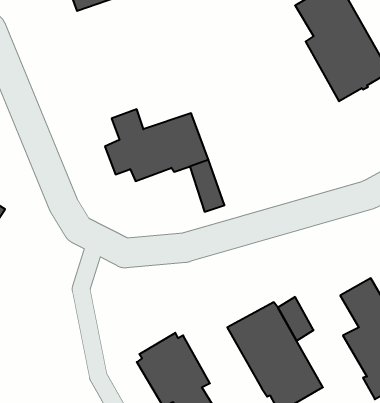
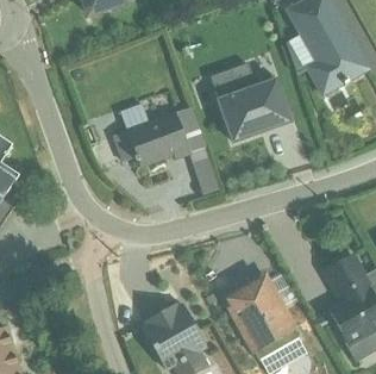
building: none -> [209,63,289,141]

